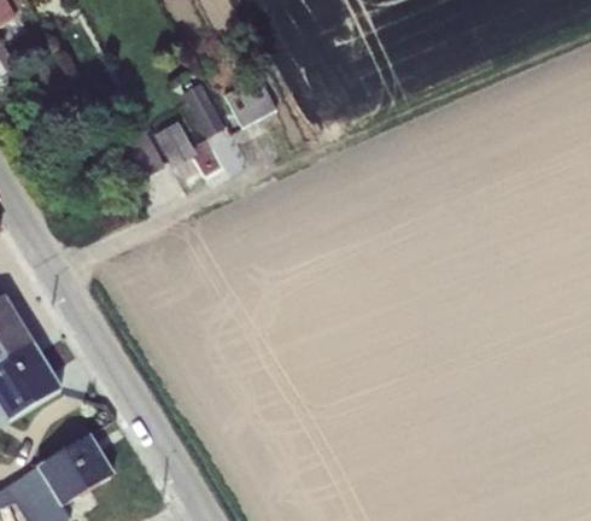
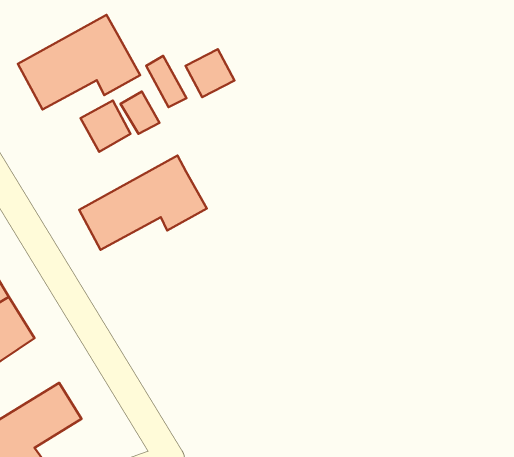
building: none -> [18,15,140,110]
building: none -> [79,156,207,250]

